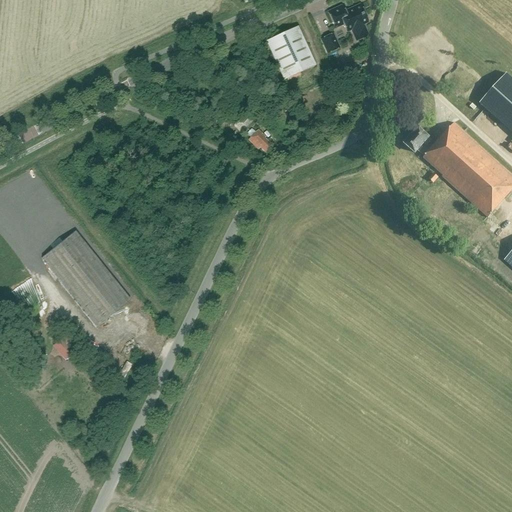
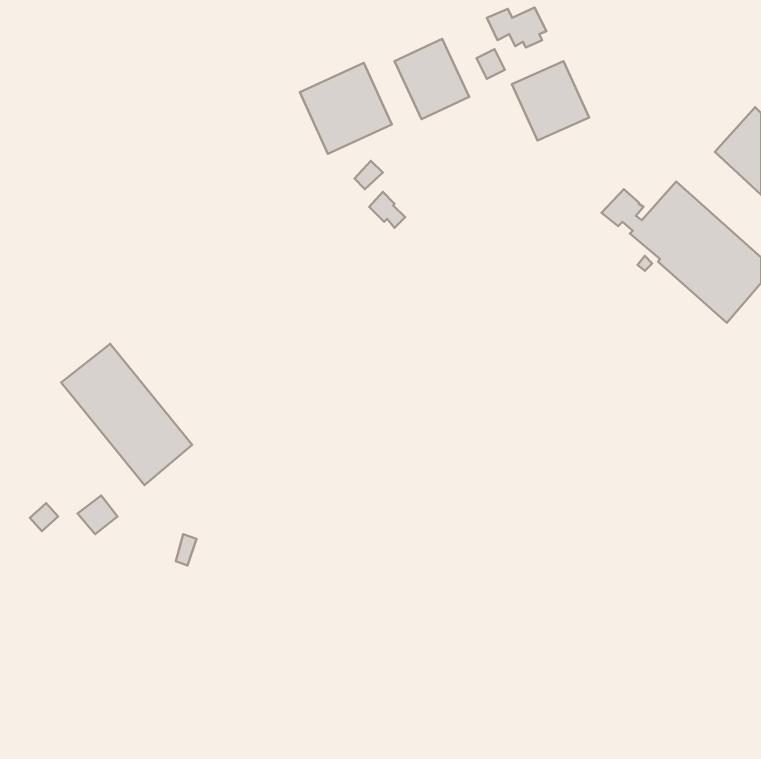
building: none -> [512,61,589,140]
building: none -> [300,63,392,154]

